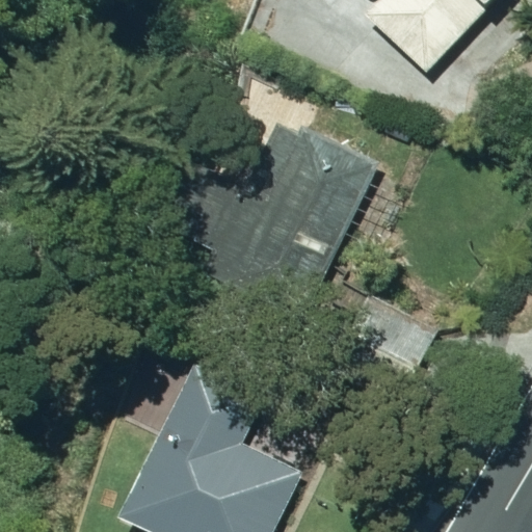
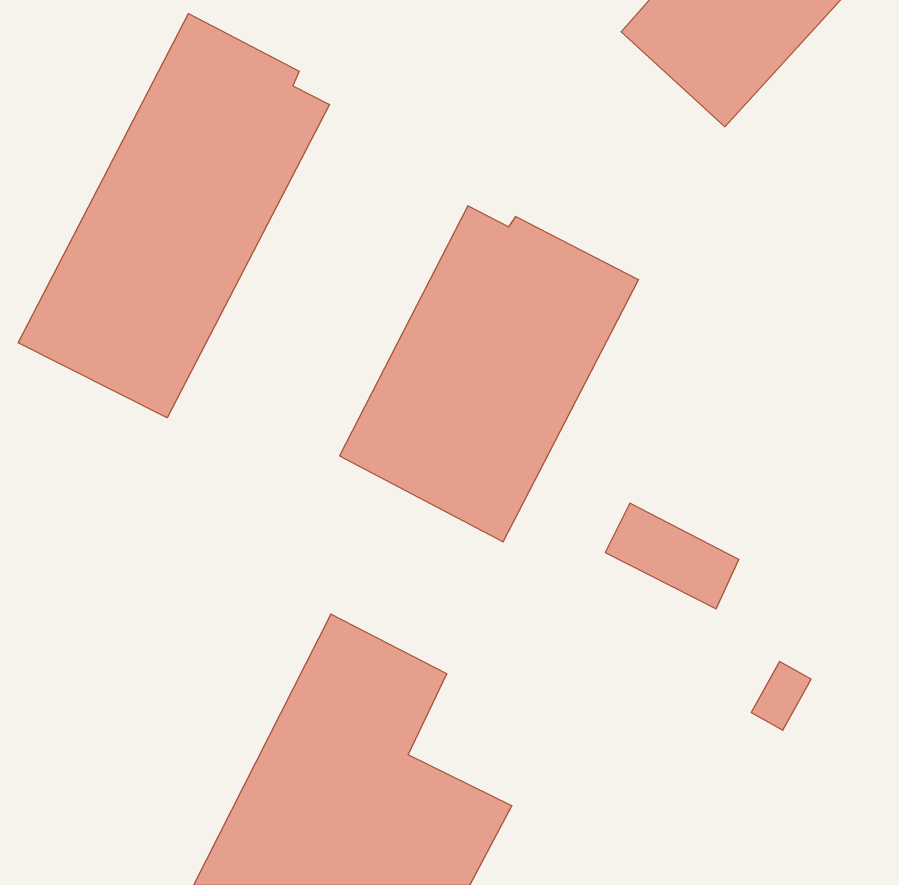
building: none -> [18,14,330,418]

